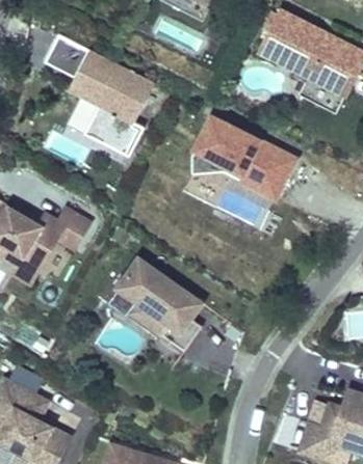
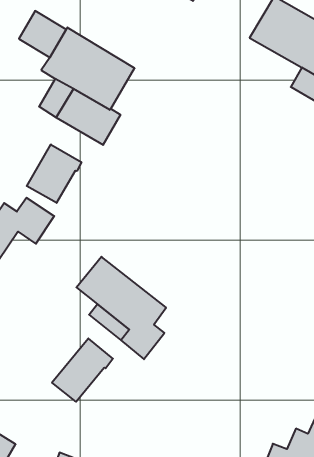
building: [190,110,300,200] -> none
building: none -> [27,144,81,203]
building: none -> [52,338,113,402]

